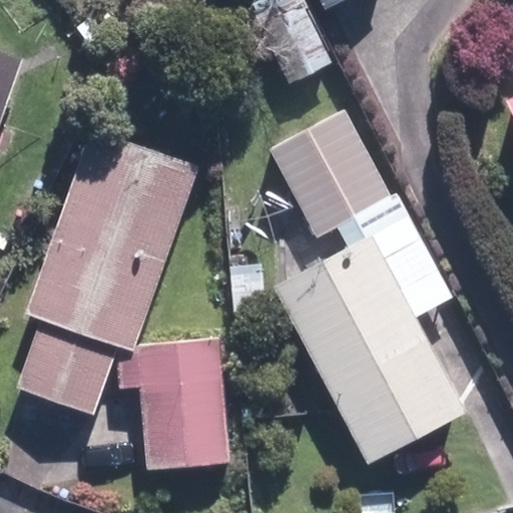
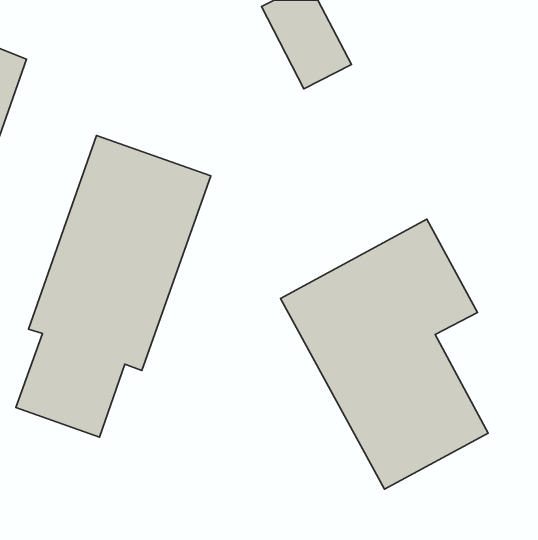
building: [270,111,390,236] -> none
building: [117,339,230,468] -> none

